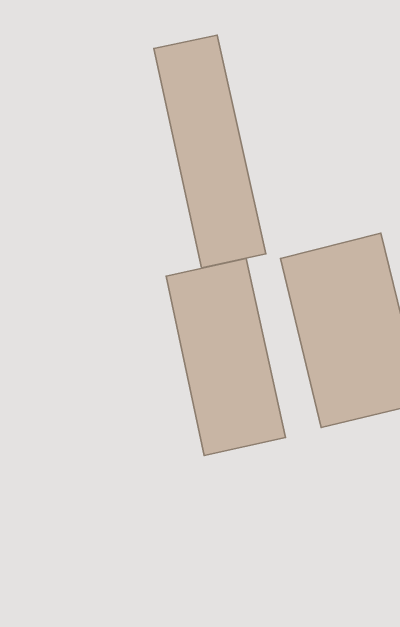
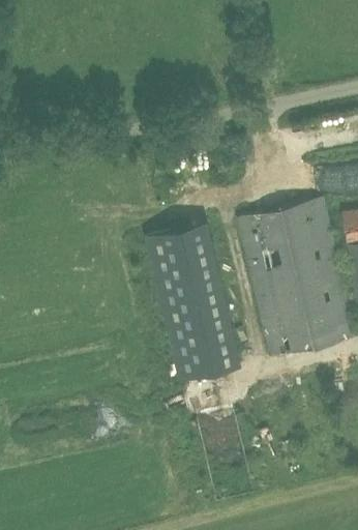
building: [154,35,266,268] -> none

